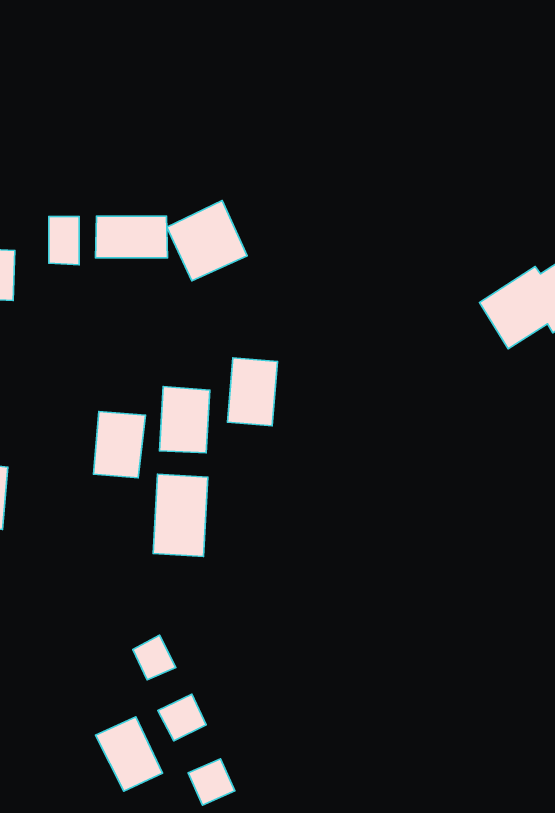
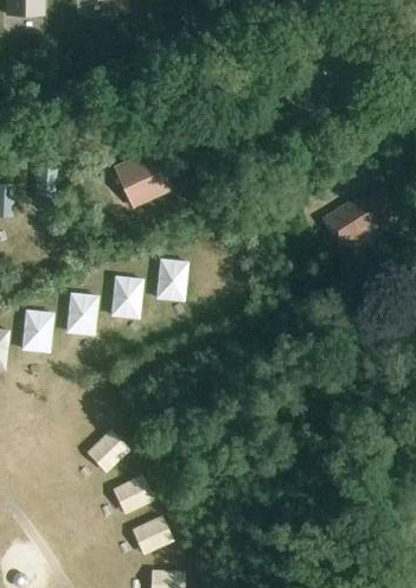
building: [95,216,168,258] -> none
building: none -> [20,308,55,353]
building: [153,474,208,556] -> none
building: [96,717,162,791] -> none

